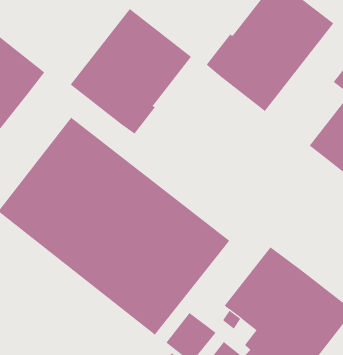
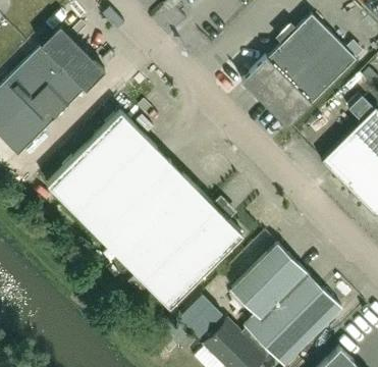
building: [70,8,192,134] -> none

